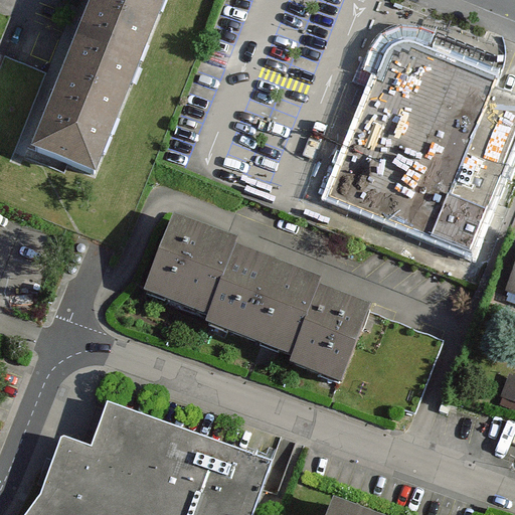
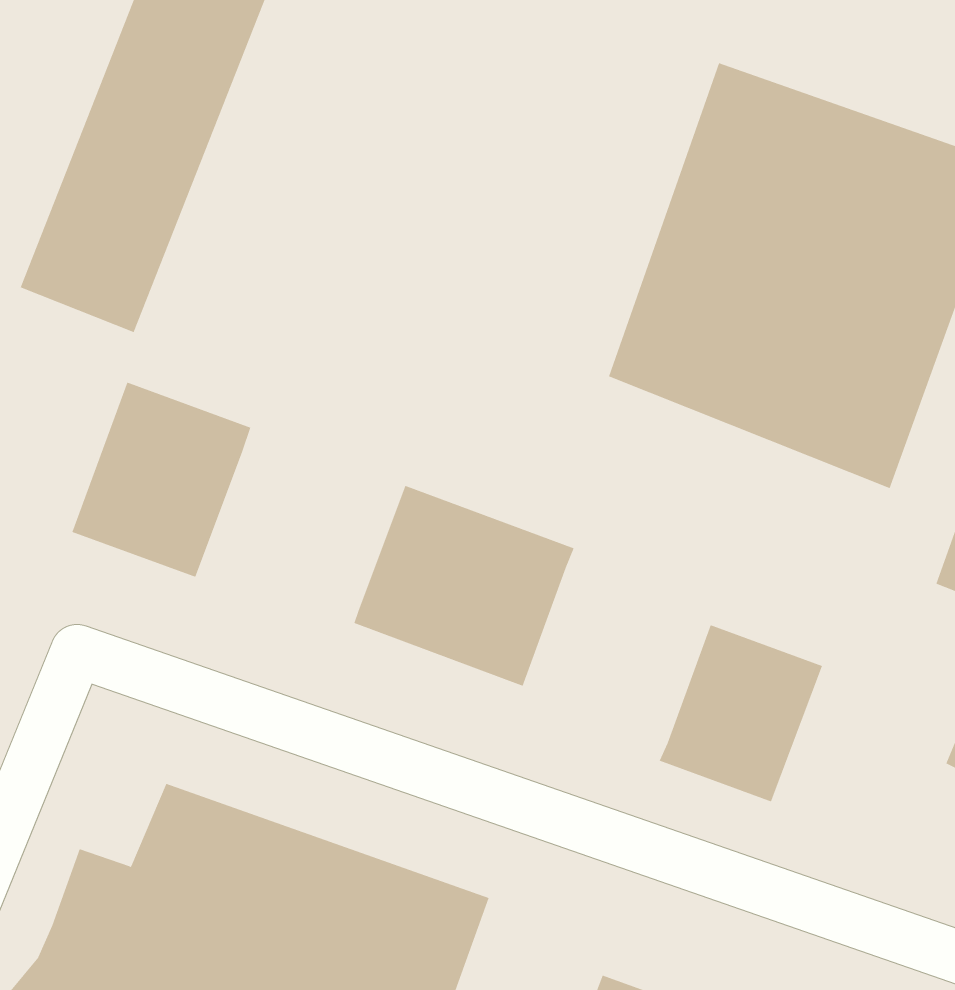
building: [141,214,232,314] -> [72,382,251,577]
building: [285,292,368,382] -> [659,625,823,802]

